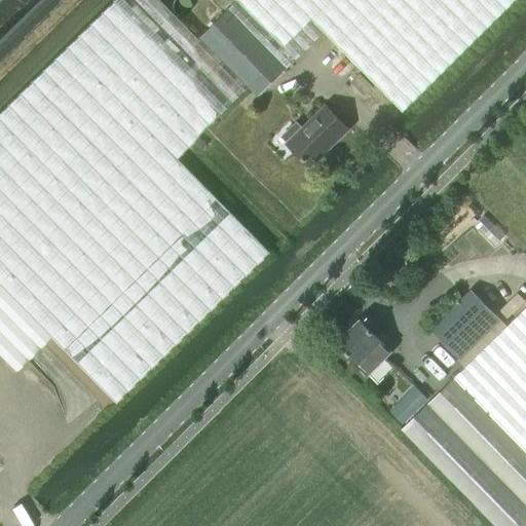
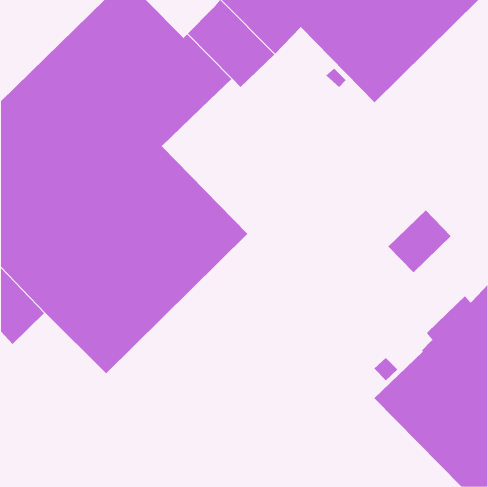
building: [285,106,347,165] -> none
building: [431,289,500,358] -> [388,209,452,273]
building: [337,318,392,375] -> none

